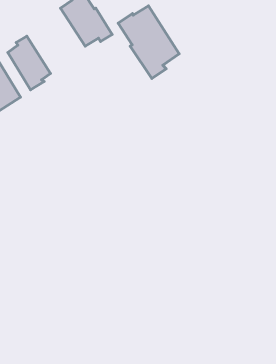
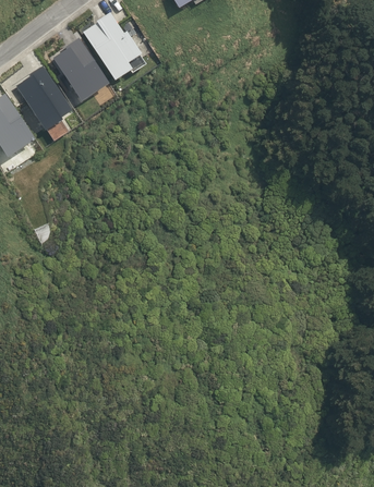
building: [118,6,179,79] -> none
building: none -> [53,38,108,101]

